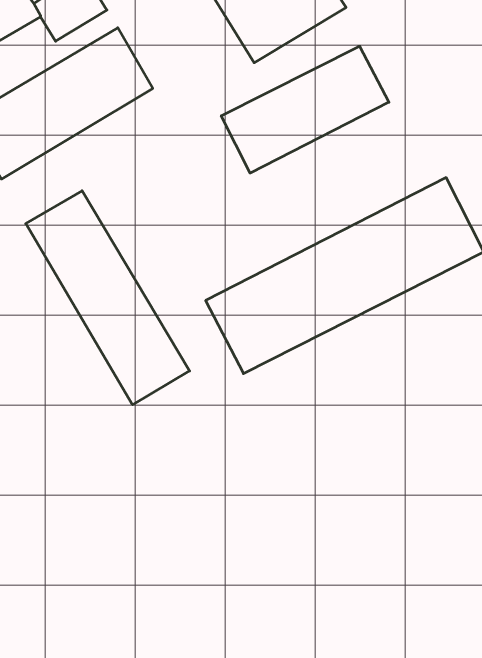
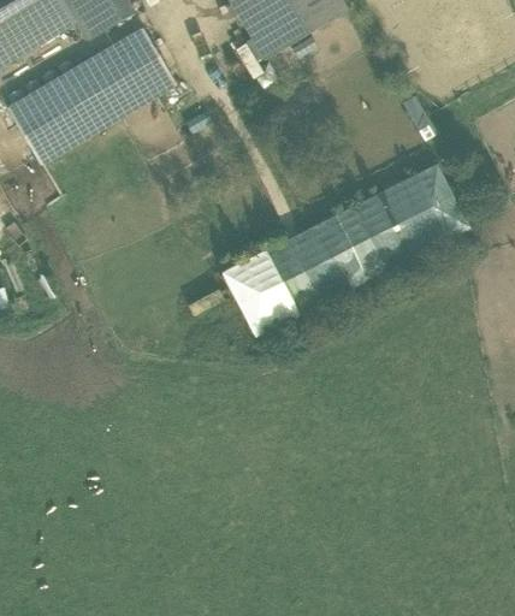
building: [221,46,389,173] -> none
building: [26,191,190,405] -> none

